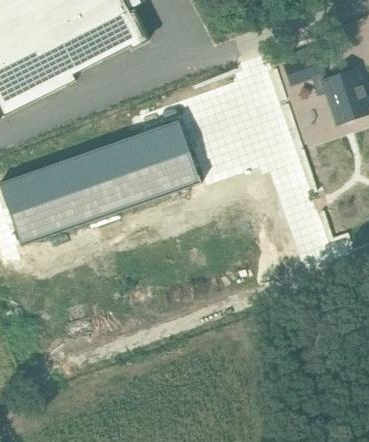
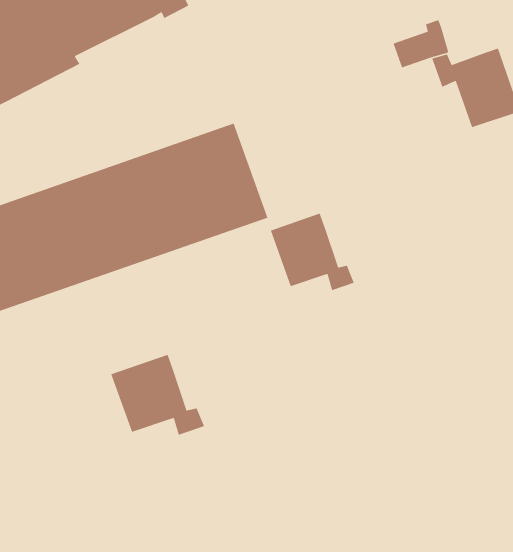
building: none -> [270,213,355,291]
building: none -> [110,354,205,436]

